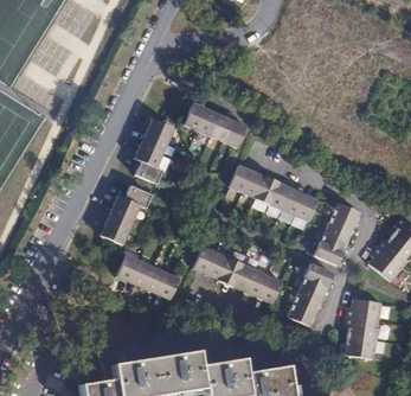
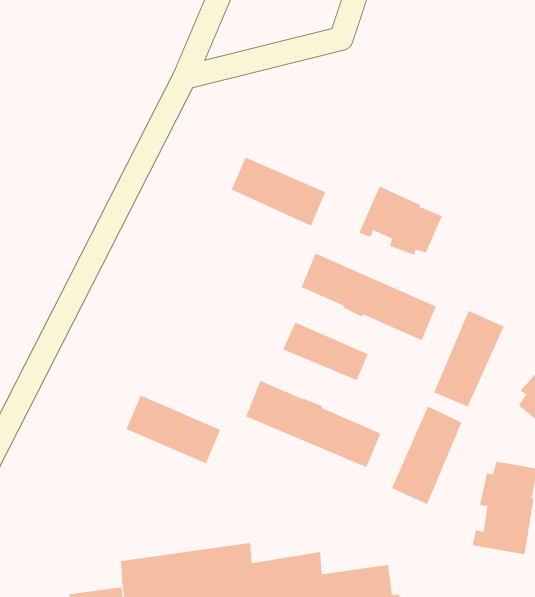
building: [135,117,175,183] -> none
building: none -> [358,185,443,256]
building: [101,184,153,244] -> none
building: none -> [282,322,369,381]

